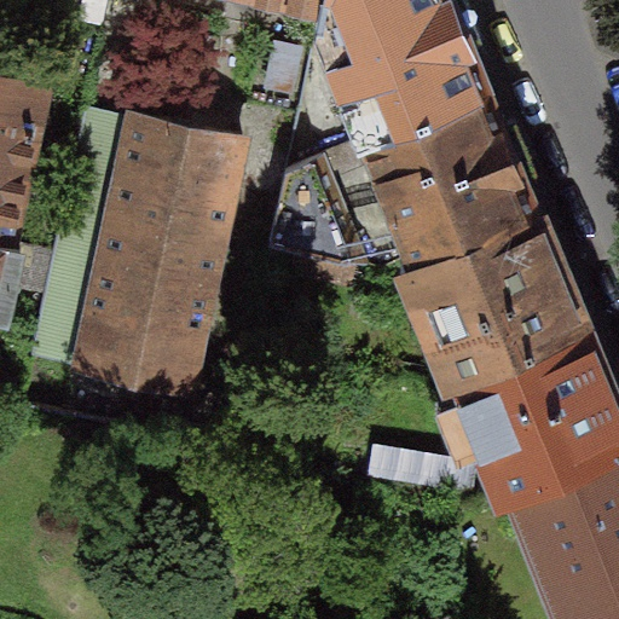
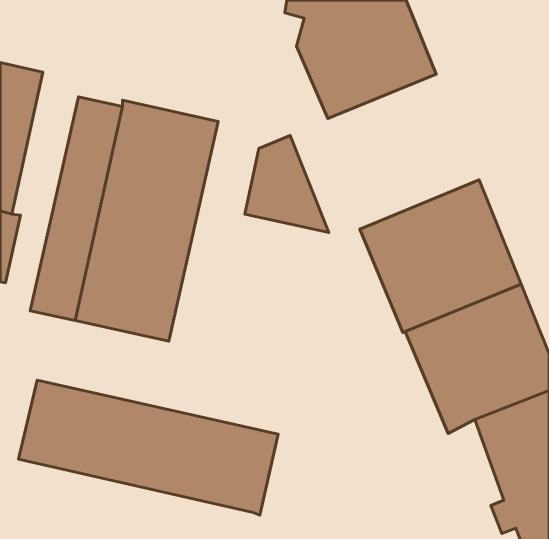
building: [369,96,539,264] -> none
building: none -> [19,380,278,515]

